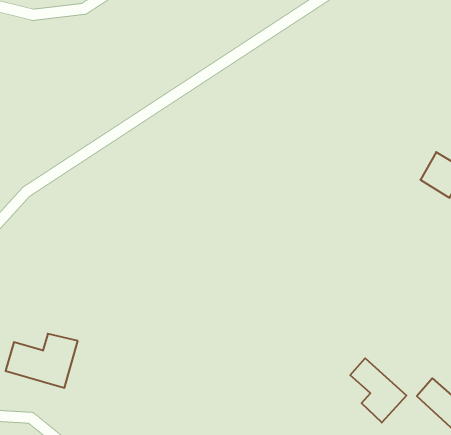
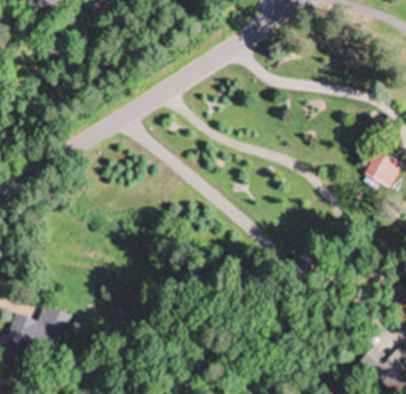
building: [350,358,406,423] -> none

